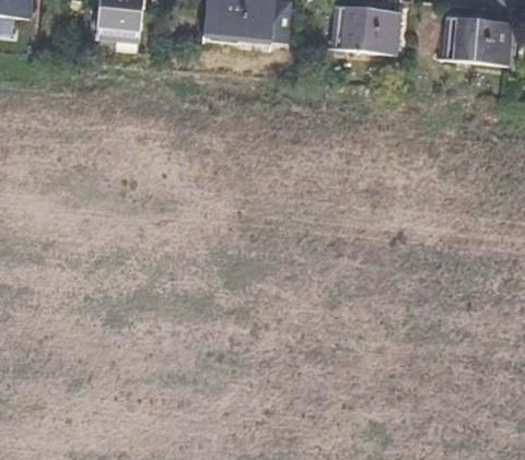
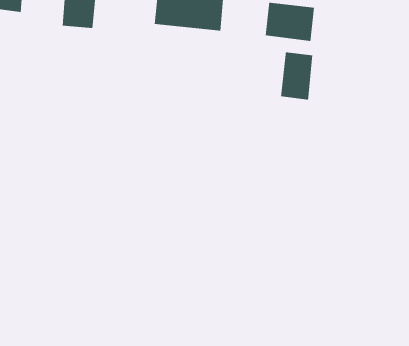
building: [453,17,512,66] -> none
building: none -> [280,52,313,100]

